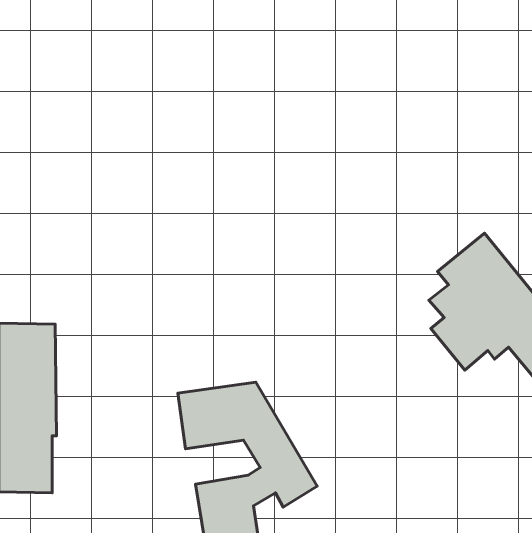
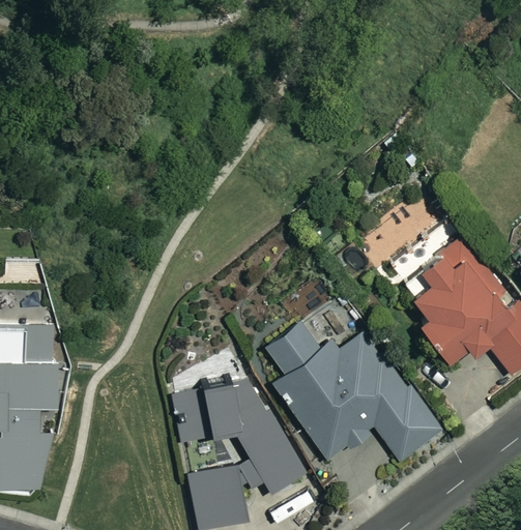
building: none -> [264,318,444,468]

